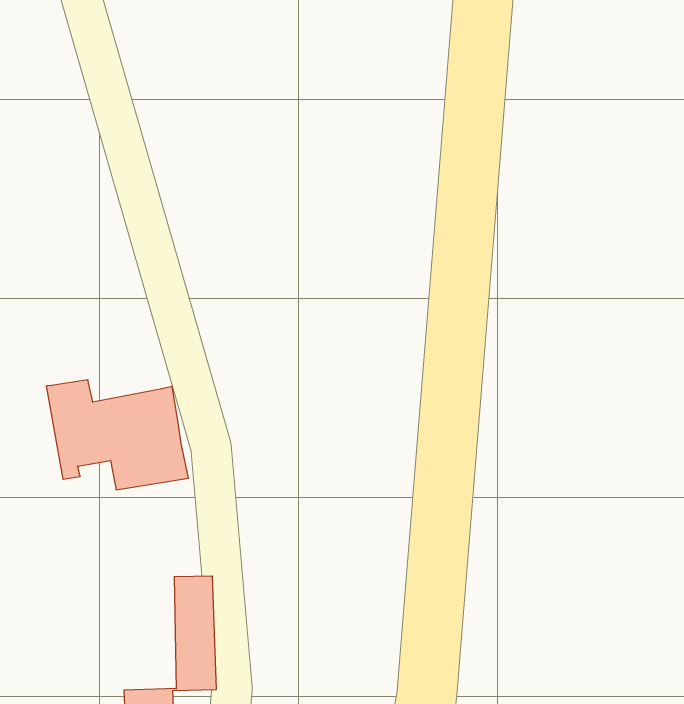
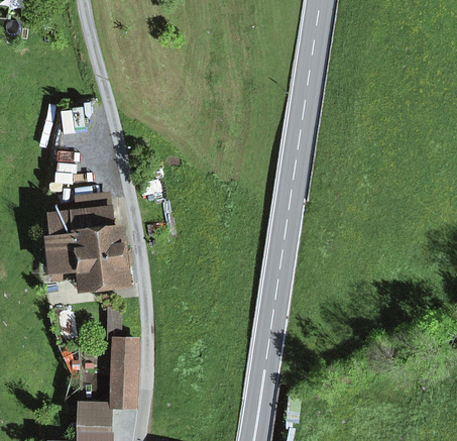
building: none -> [49,198,114,238]

